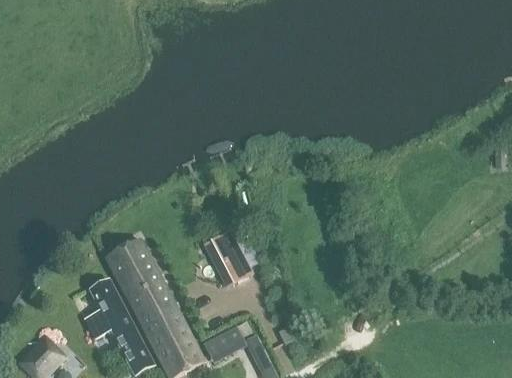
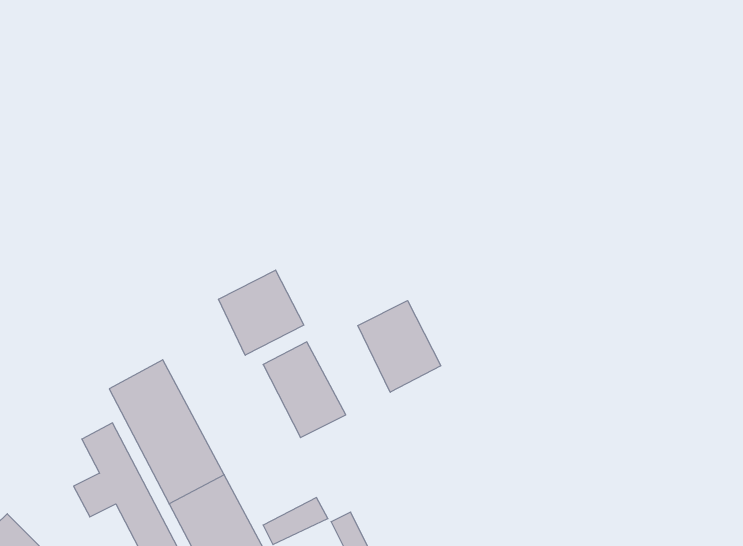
building: none -> [219,270,304,355]
building: none -> [358,301,441,392]

